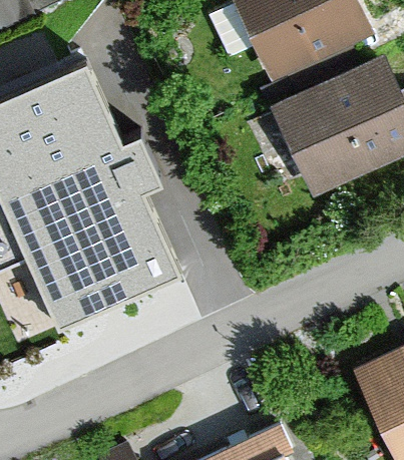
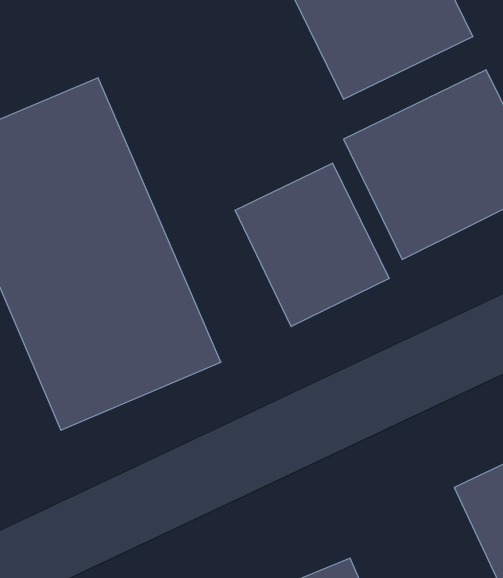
building: none -> [235,163,389,327]

